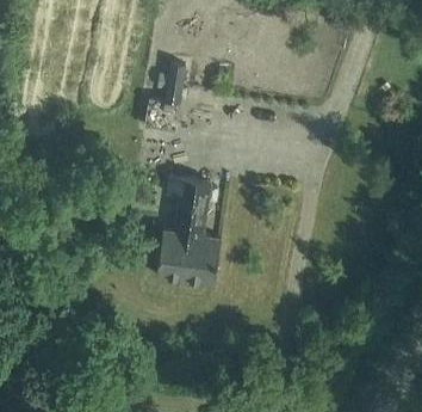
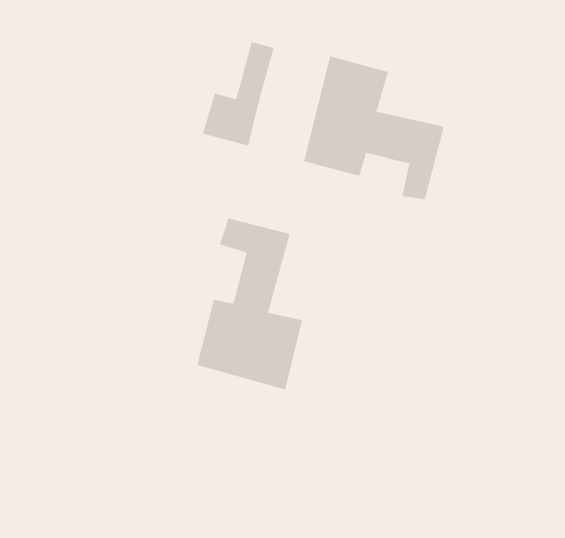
building: none -> [304,56,444,200]

